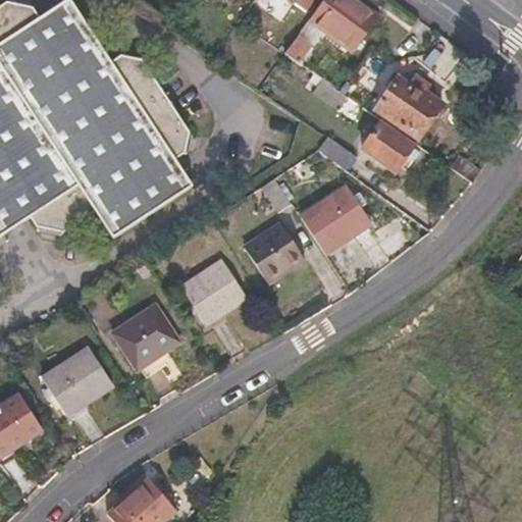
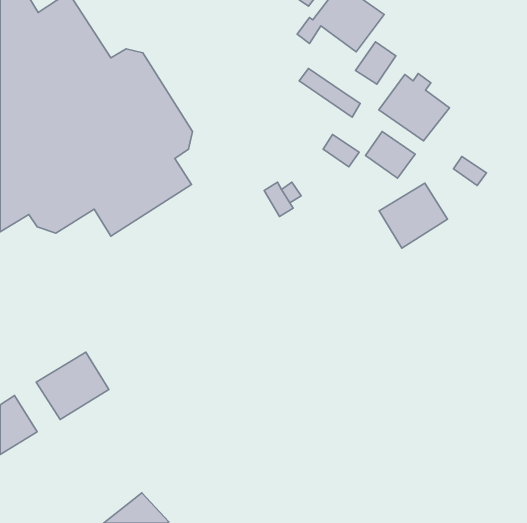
building: none -> [355,42,396,84]
building: [300,190,367,254] -> [379,183,447,248]
building: [244,225,302,283] -> none
building: [178,263,243,326] -> none
building: [110,307,177,371] -> none

